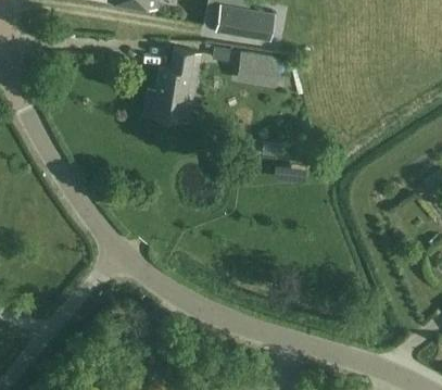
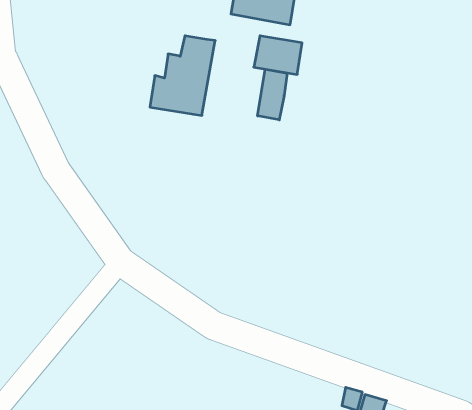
building: none -> [258,69,287,120]

